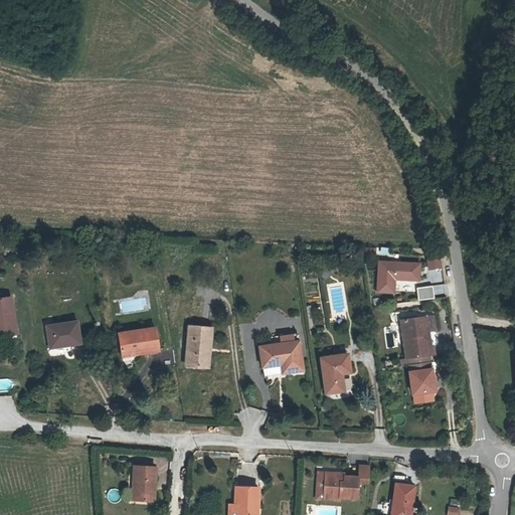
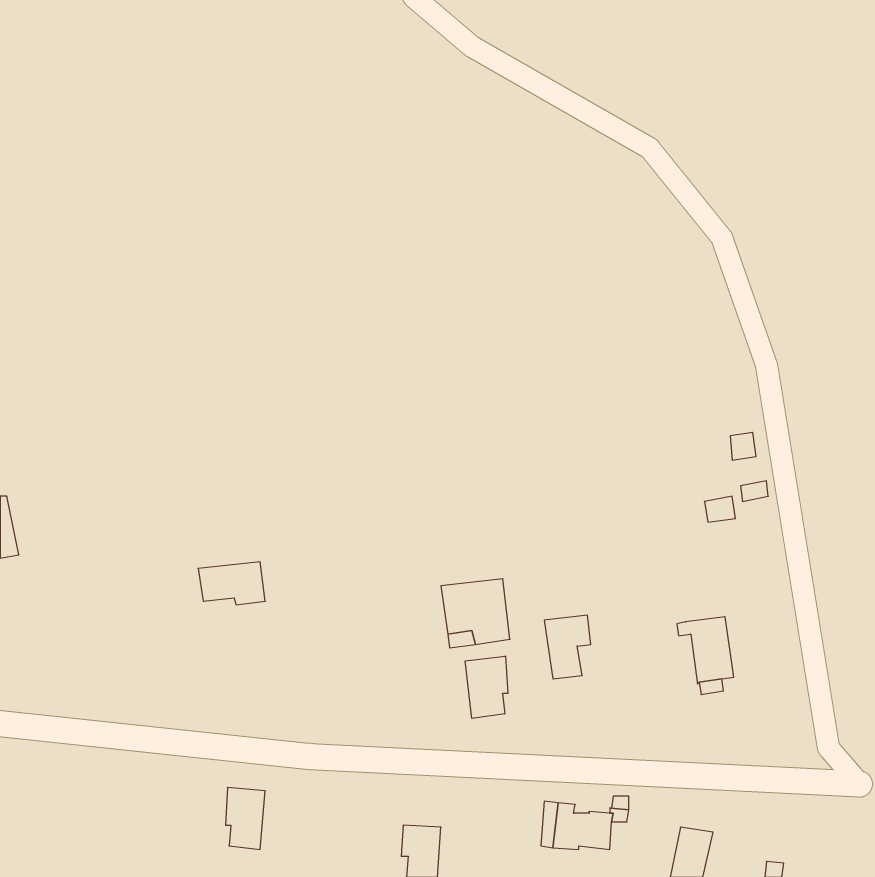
building: [376,267,417,297] -> none
building: [47,317,79,342] -> none
building: [397,322,432,363] -> none
building: [185,327,213,367] -> none
building: none -> [465,656,508,718]

